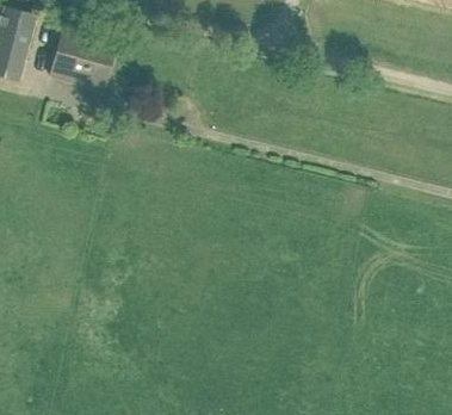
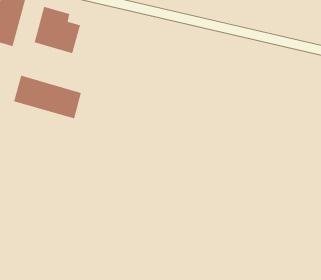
building: none -> [14,75,82,119]

